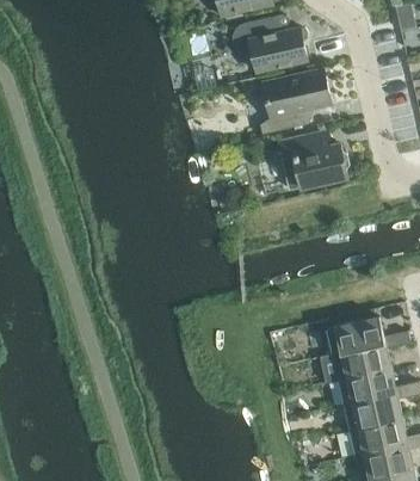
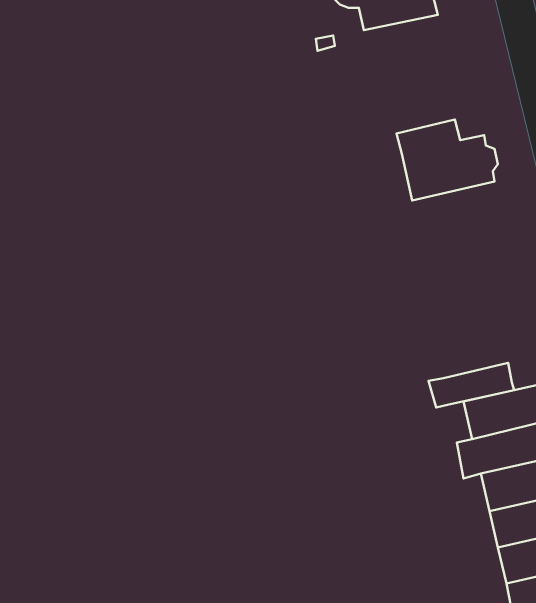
building: [259,68,329,134] -> none
building: none -> [429,363,514,408]

